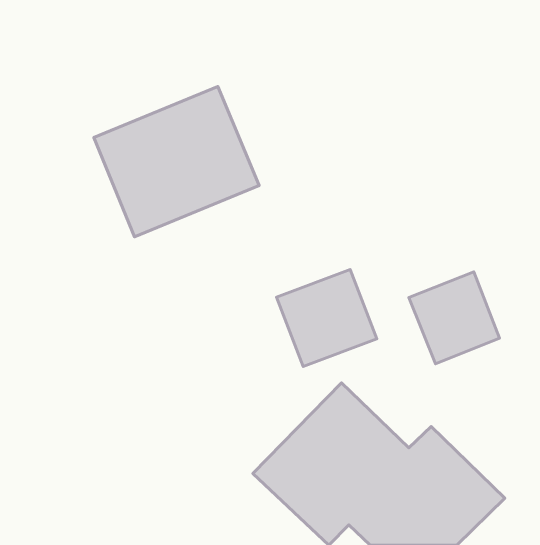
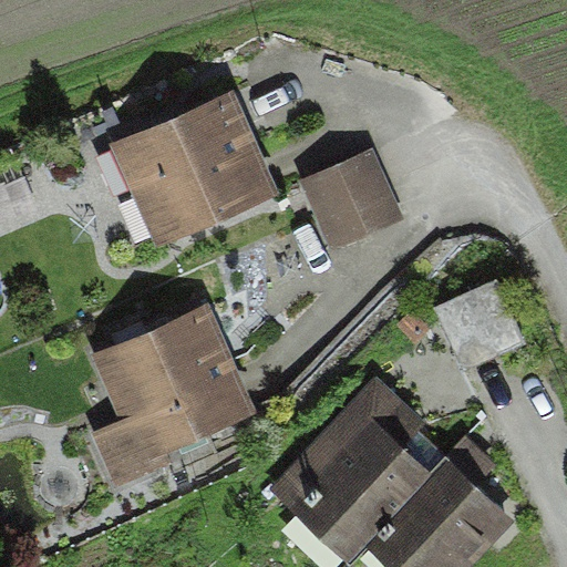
building: [276,270,377,367] -> [300,151,404,251]
building: none -> [92,307,251,492]

